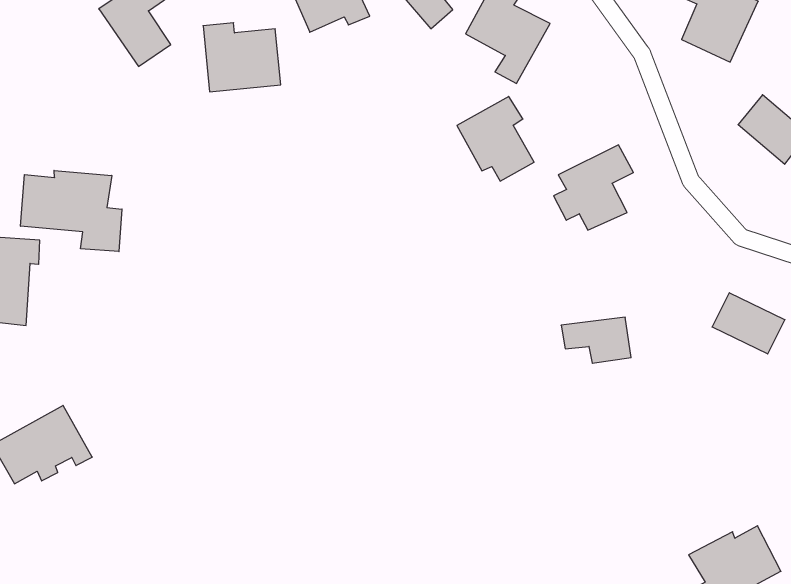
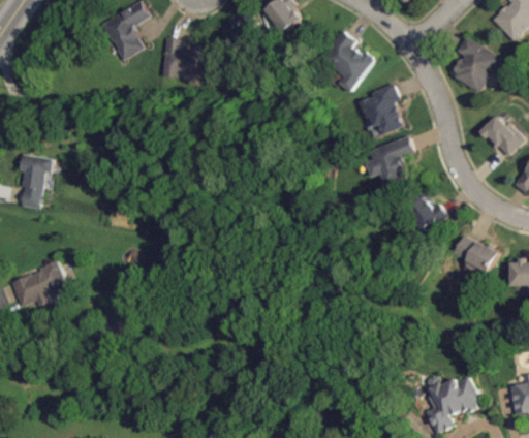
building: [457,96,534,181] -> [359,85,403,135]
building: [21,170,122,252] -> none
building: [561,317,631,363] -> [403,200,443,226]

